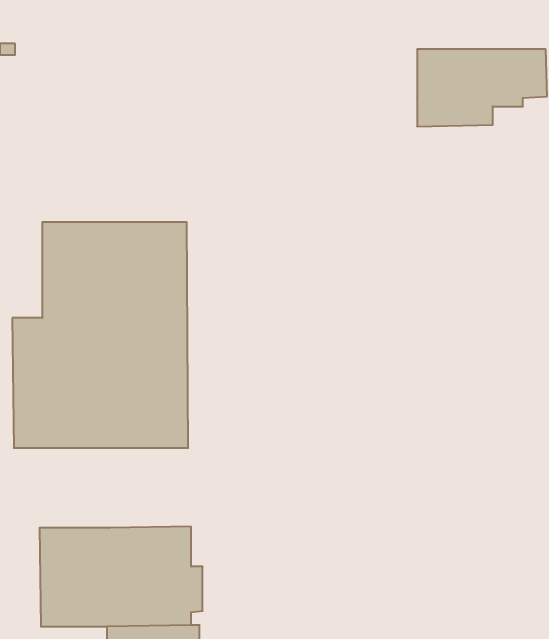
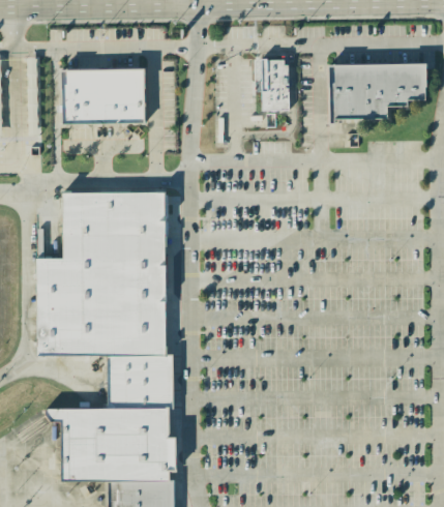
building: none -> [259,57,293,109]
building: none -> [62,68,147,122]
building: none -> [110,352,176,410]

